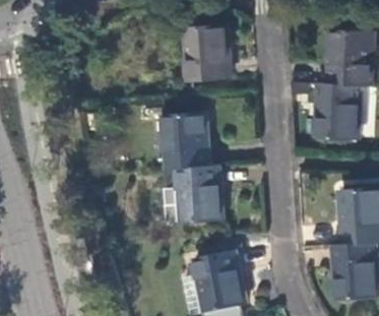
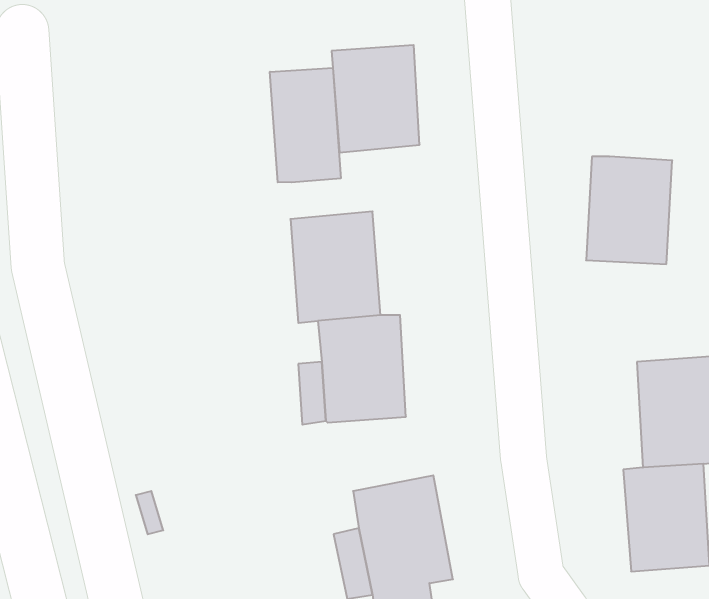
building: [325,30,371,87] -> none
building: none -> [270,68,341,182]

